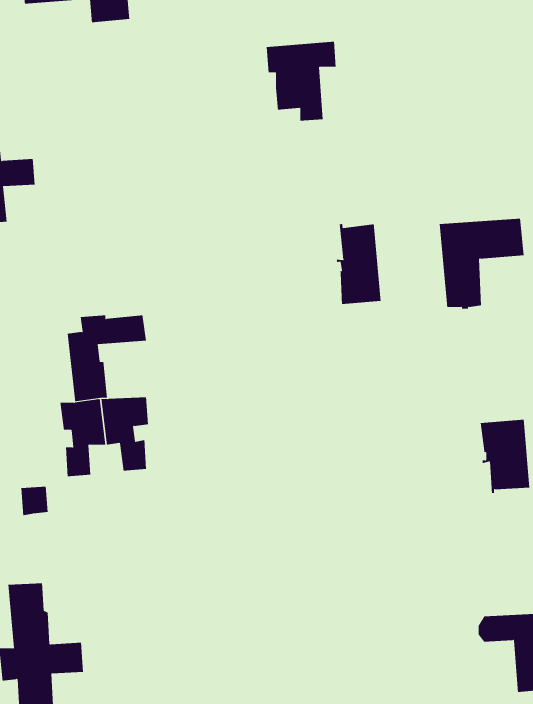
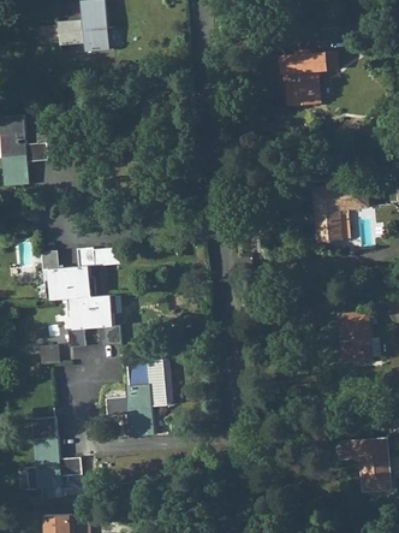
building: [266,41,337,121] -> [280,53,326,105]
building: [336,223,381,305] -> none
building: none -> [44,250,77,304]
building: none -> [109,362,174,439]

